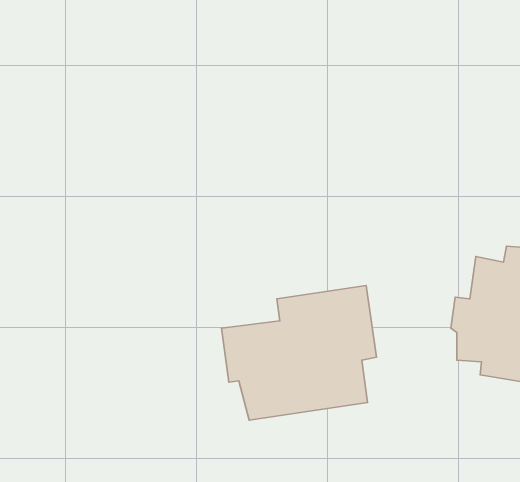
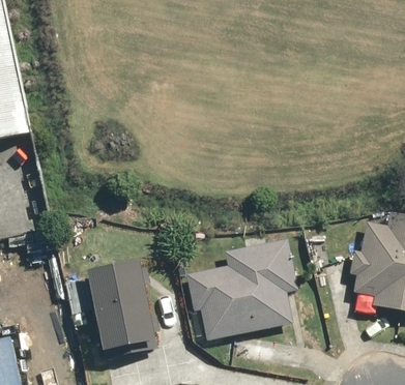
building: none -> [89,263,160,353]

